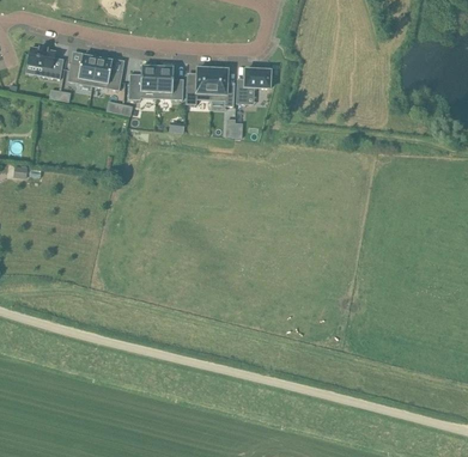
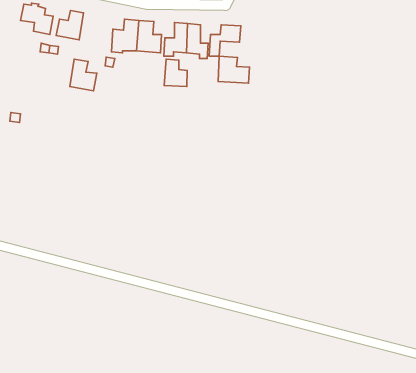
building: [92,55,122,90] -> [70,59,97,91]
building: none -> [218,56,249,83]
building: none -> [164,59,187,86]

